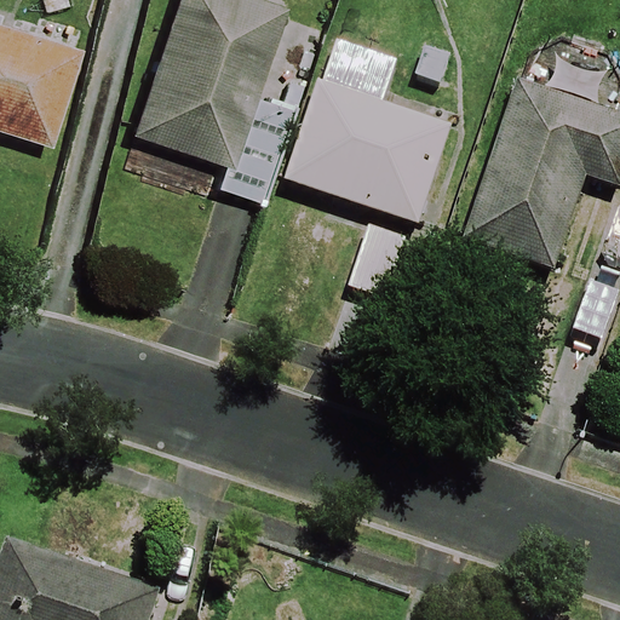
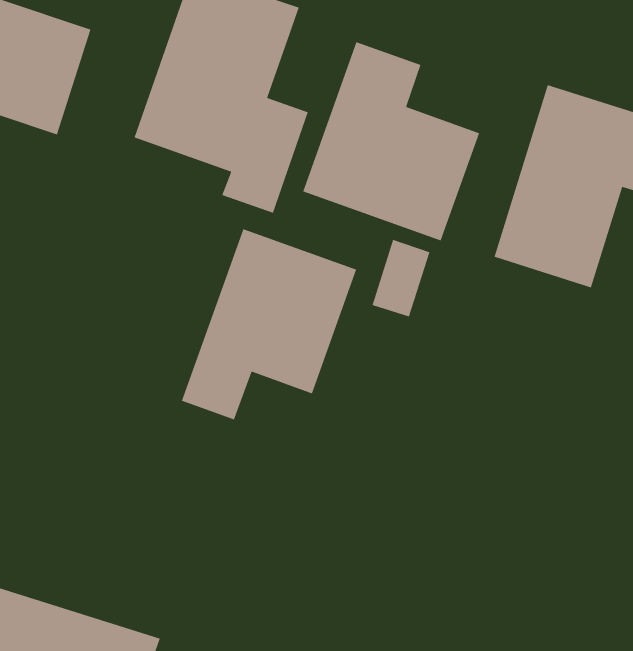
building: none -> [181,228,357,420]

